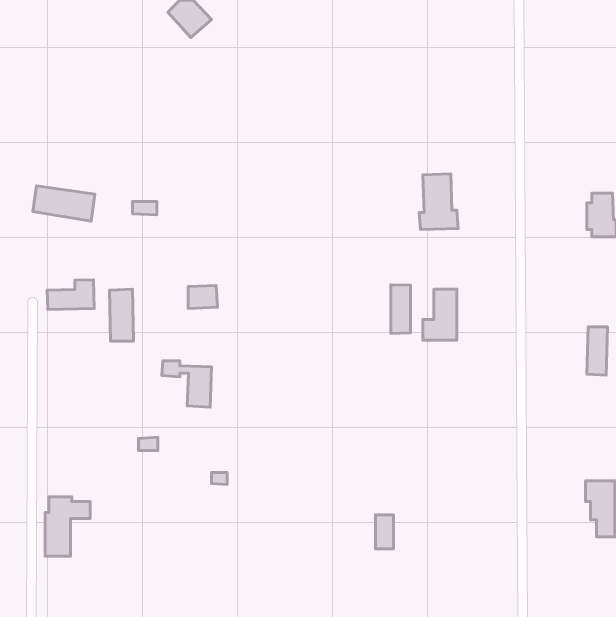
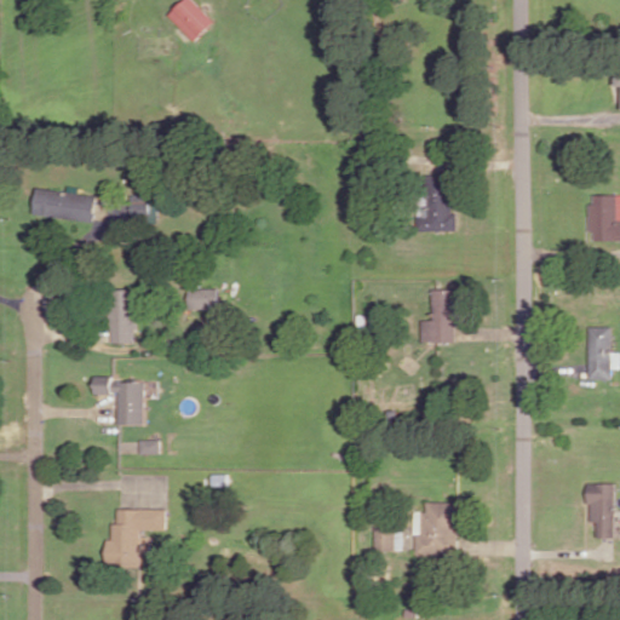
building: [47,280,94,309] -> none
building: [391,285,410,334] -> none
building: [162,361,212,407] -> [93,378,143,424]
building: [45,497,90,556] -> [111,509,156,568]
building: none -> [414,503,458,557]

